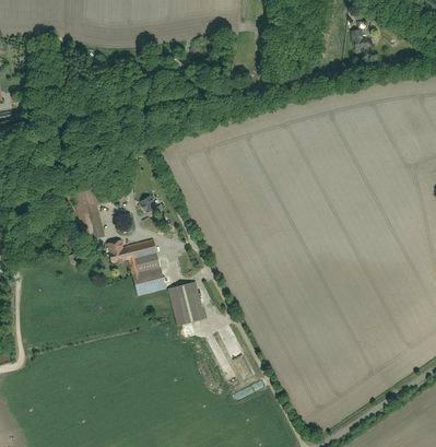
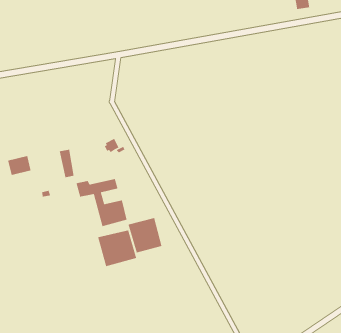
building: [72,188,99,211] -> [7,155,32,176]
building: none -> [97,229,137,267]

